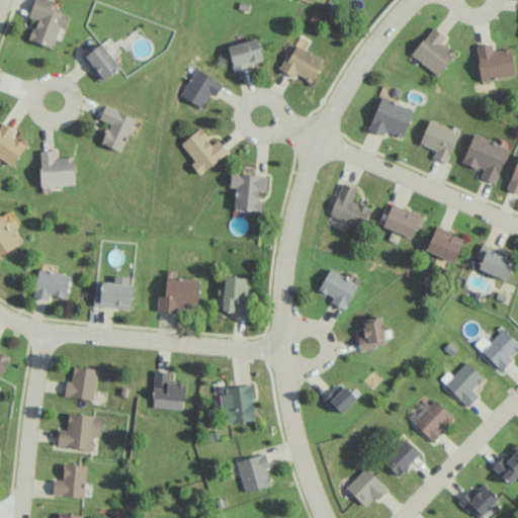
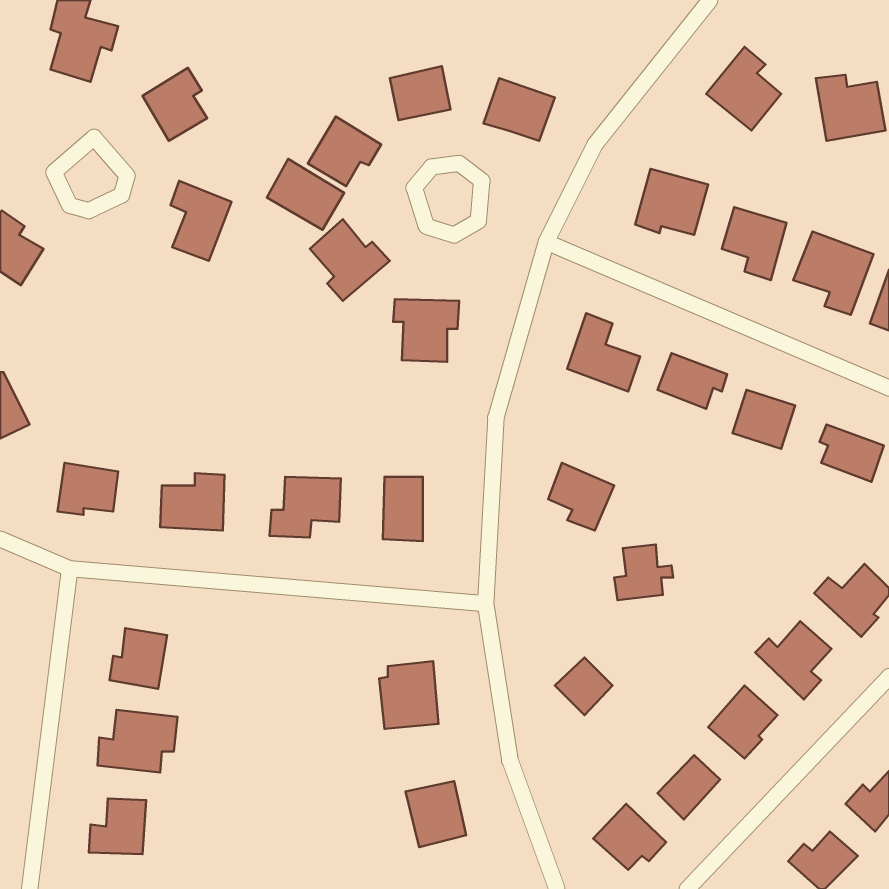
building: none -> [267,159,344,230]
building: [39,151,75,186] -> none
building: [152,371,184,409] -> none

